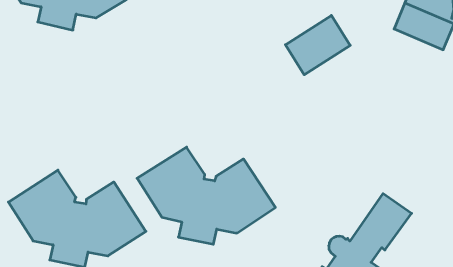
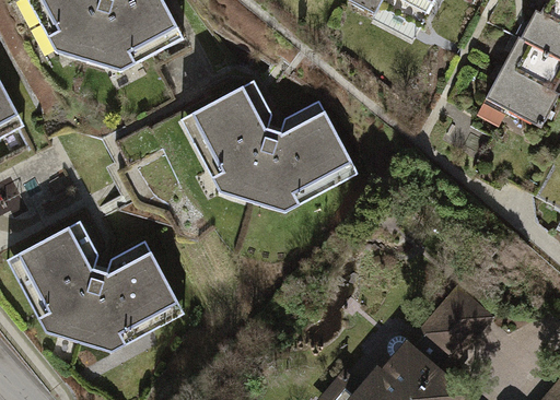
building: [285,15,350,75] -> none
building: [137,147,275,244] -> [190,89,350,205]

